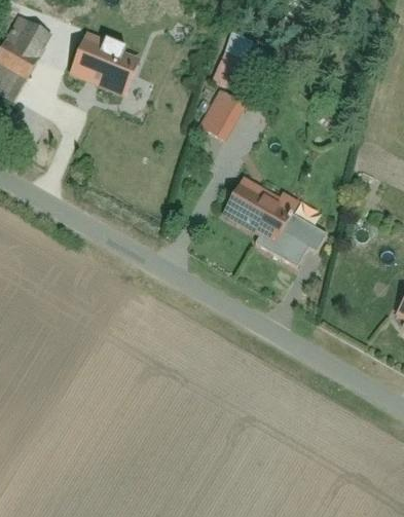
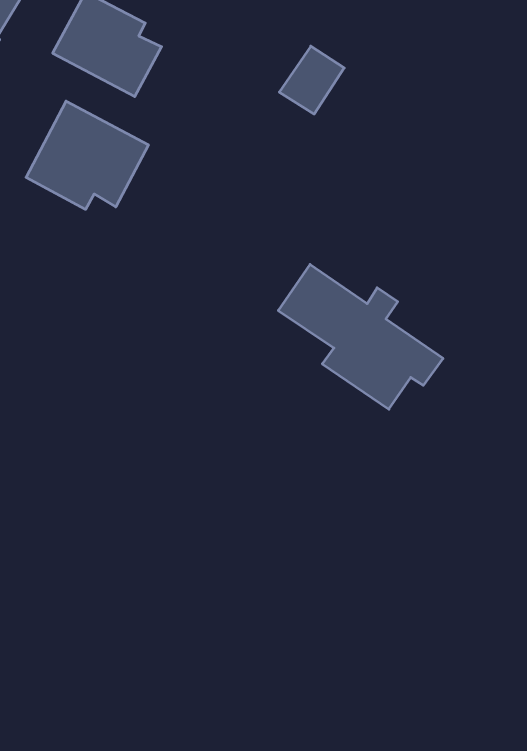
building: [195,89,245,144] -> none
building: none -> [26,101,148,209]

